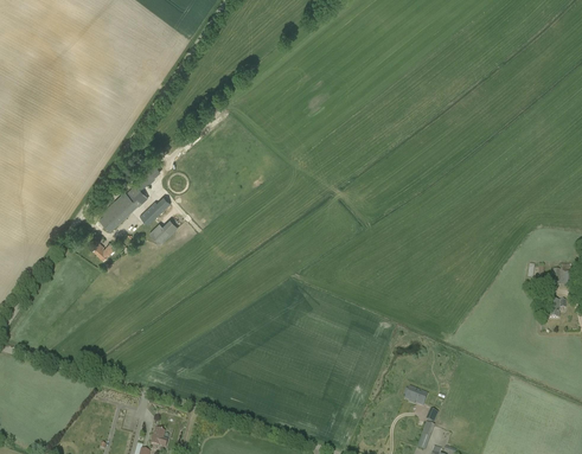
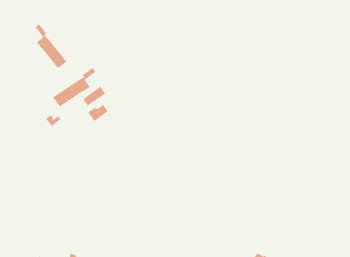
building: none -> [35,24,67,69]

